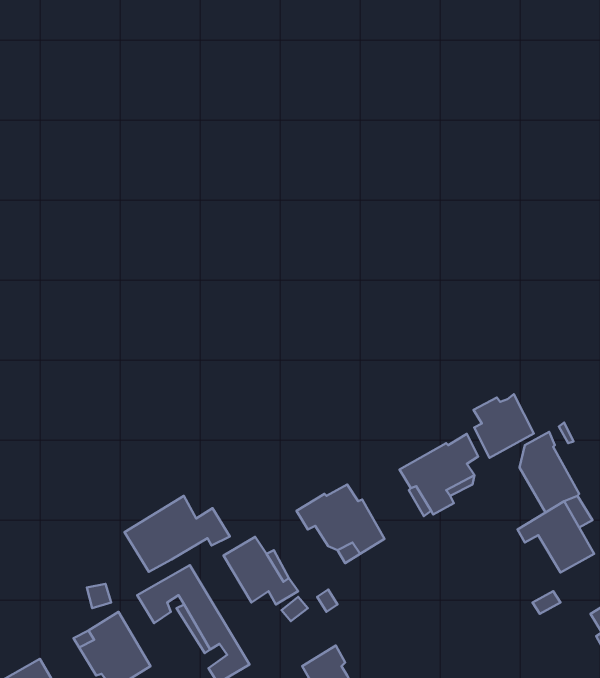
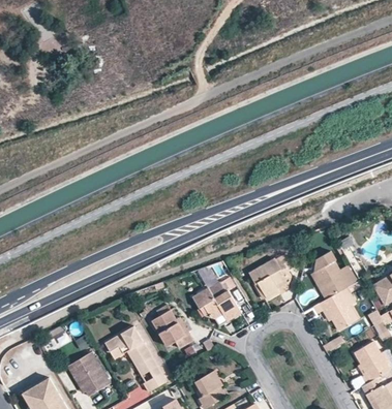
building: [473,394,534,458] -> none
building: [124,496,230,572] -> none

